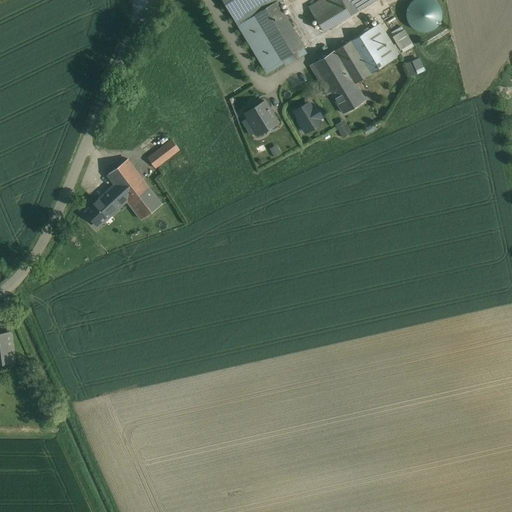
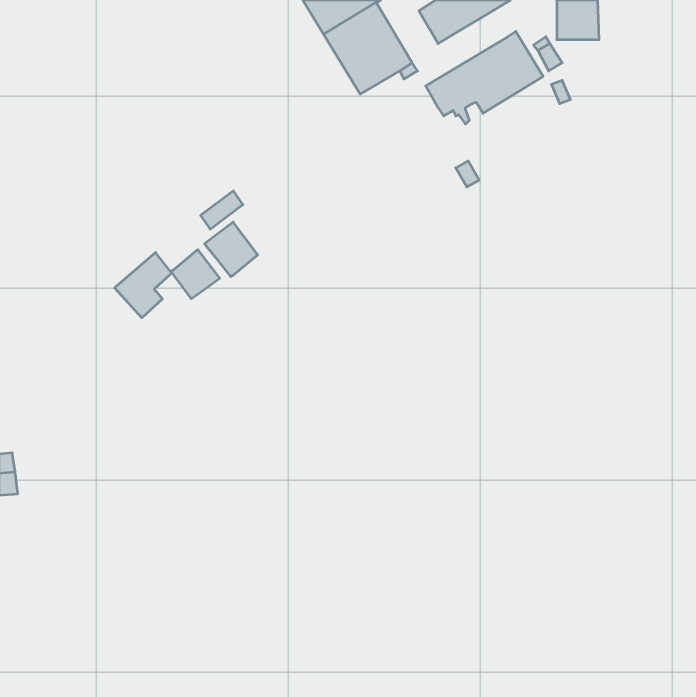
building: [325,75,364,113] -> none
building: [244,101,277,134] -> none
building: [293,103,321,131] -> none
building: [106,159,145,199] -> [205,222,258,277]

